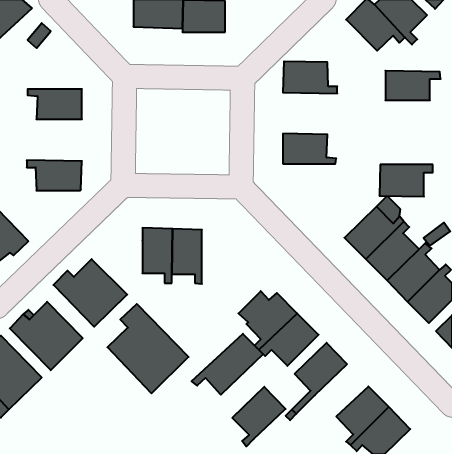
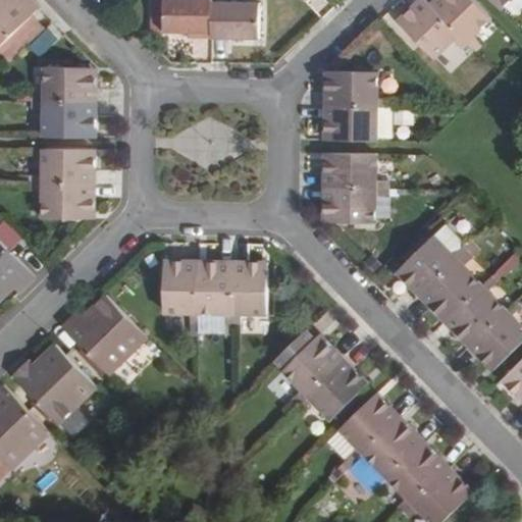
building: none -> [32,68,94,102]
building: [385,71,441,100] -> [324,106,387,140]
building: none -> [31,149,94,185]
building: [379,165,433,197] -> [323,188,384,224]
building: none -> [231,263,266,325]
building: [107,304,189,393] -> none
building: [192,334,263,395] -> none
building: [232,387,286,446] -> [361,417,422,485]

